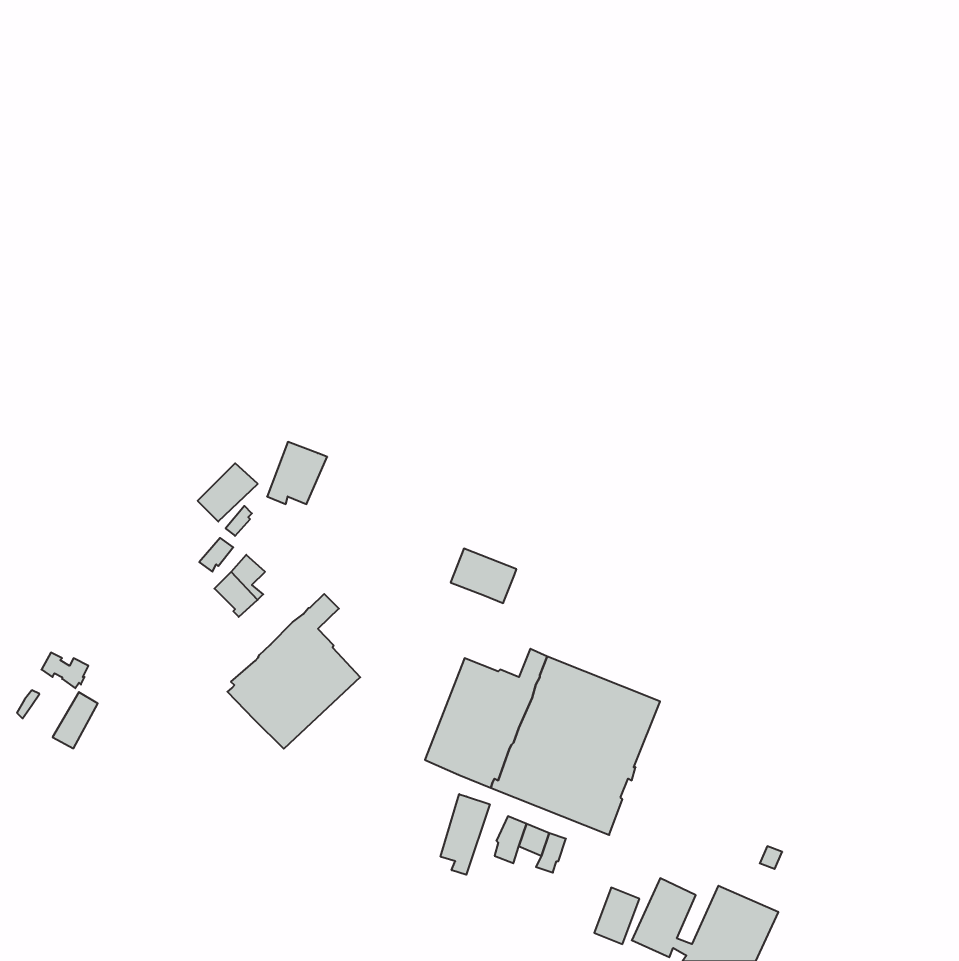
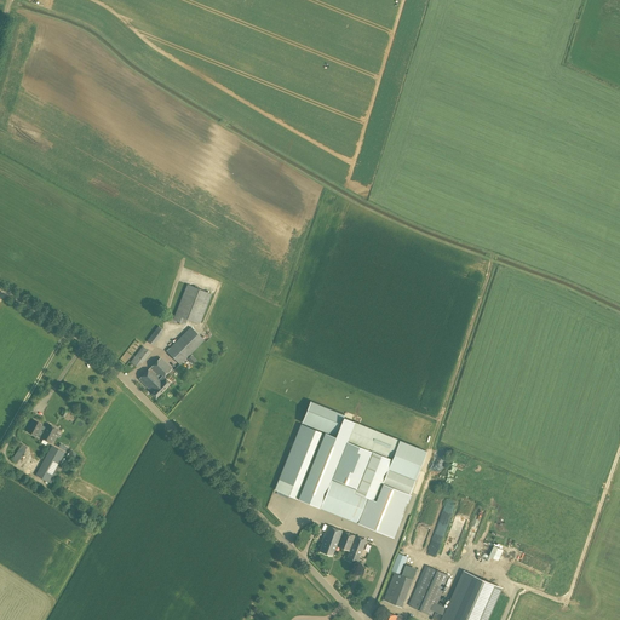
building: [198,463,258,522] -> [165,327,203,364]
building: [451,549,516,603] -> [300,401,343,436]
building: [227,594,360,749] -> none
building: [441,794,490,875] -> none

